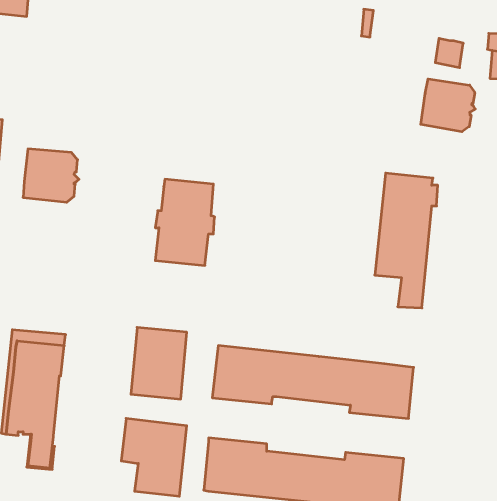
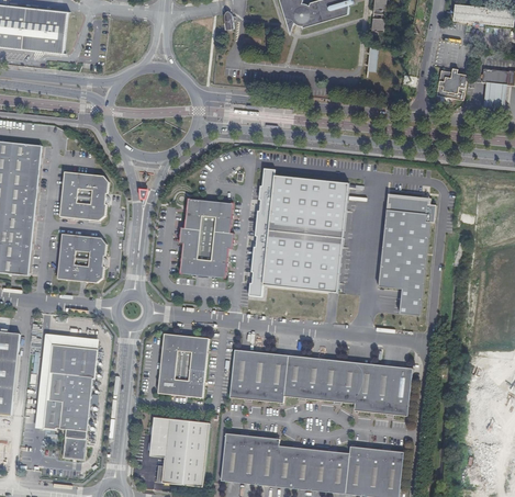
building: [421,79,475,132] -> none
building: none -> [248,168,348,296]
building: none -> [56,233,107,282]

